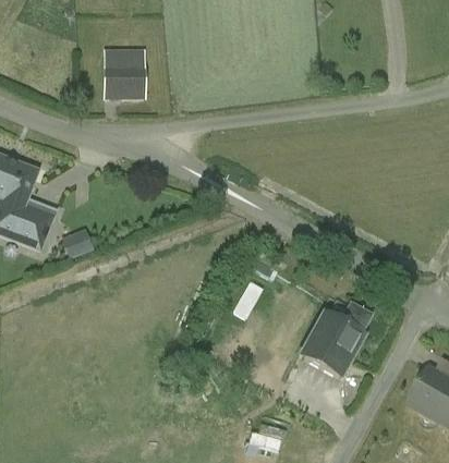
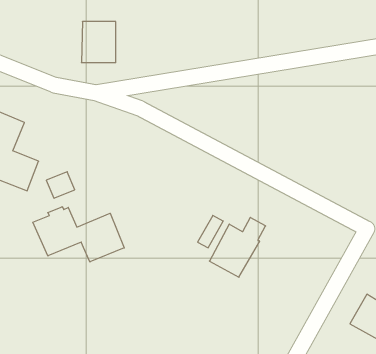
building: none -> [33,207,124,262]
building: [304,303,368,371] -> [209,217,266,277]

